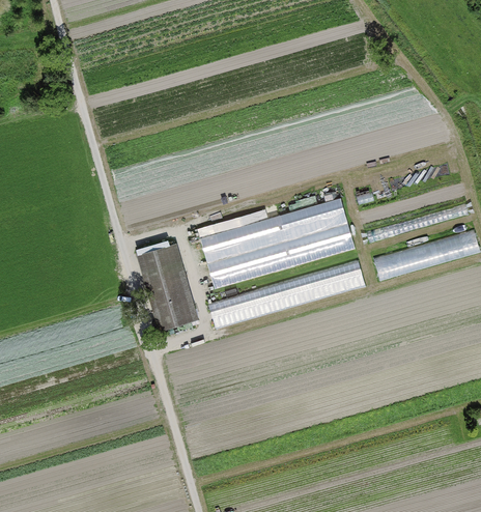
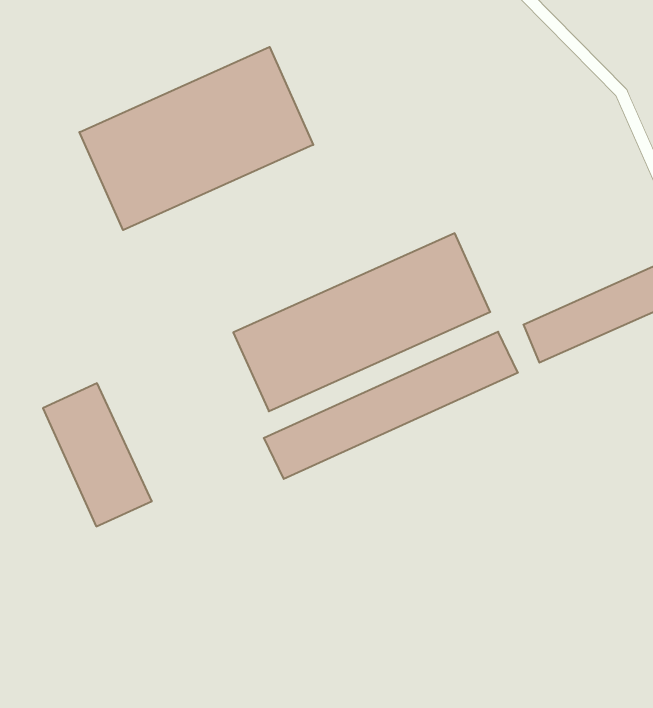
building: none -> [79,47,313,230]
building: [140,244,197,329] -> [43,383,152,526]

